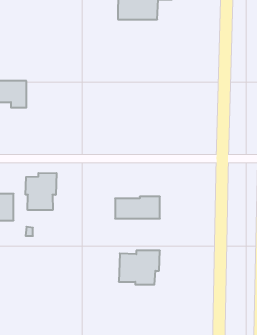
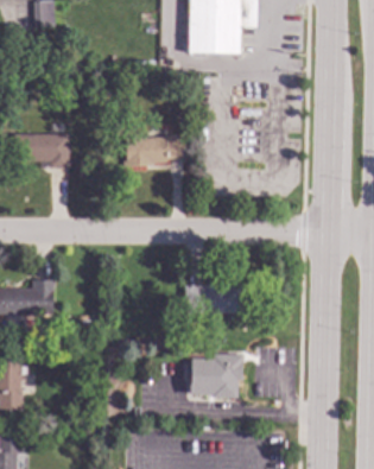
building: none -> [123,134,185,165]
building: [26,173,56,210] -> none

